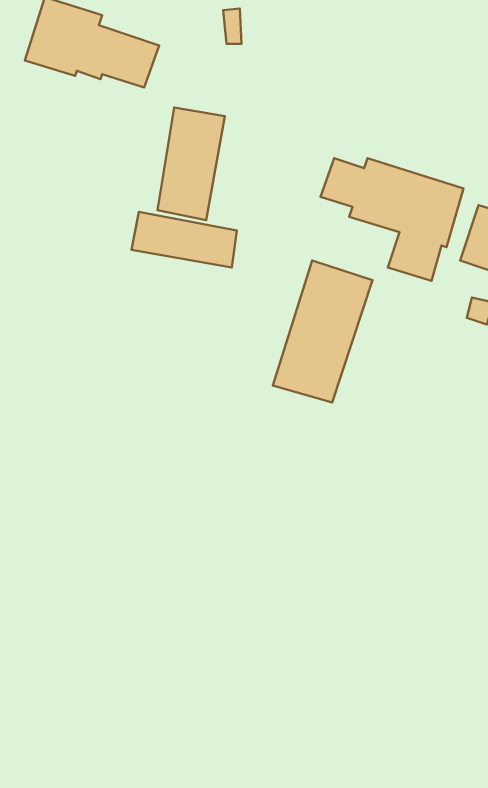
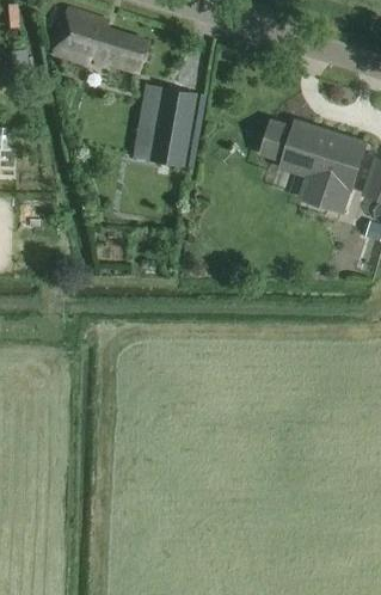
building: [131,212,237,268] -> none
building: [273,260,373,402] -> none

